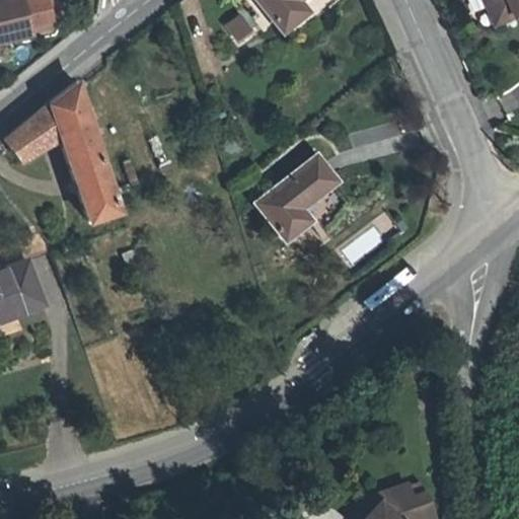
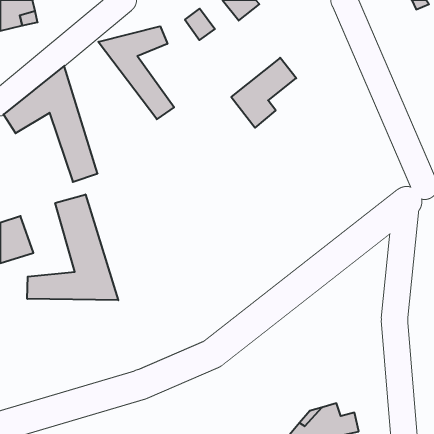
building: none -> [98,26,174,119]
building: [263,152,340,235] -> [231,58,296,128]
building: none -> [27,194,118,300]

